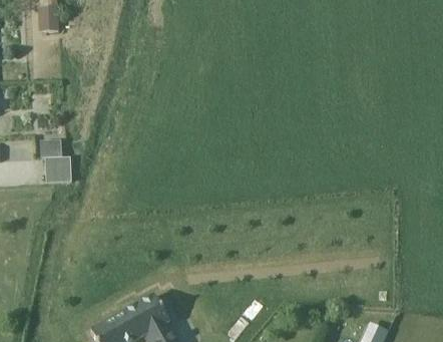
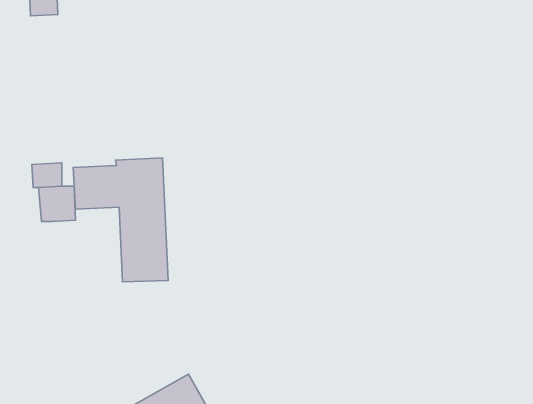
building: none -> [73,158,168,282]

